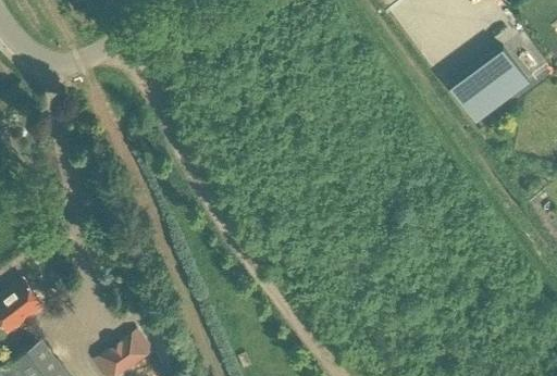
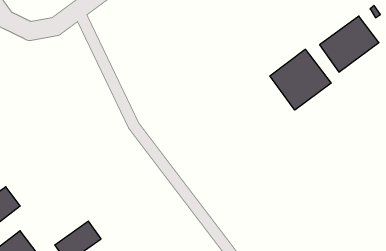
building: none -> [270,49,331,110]

